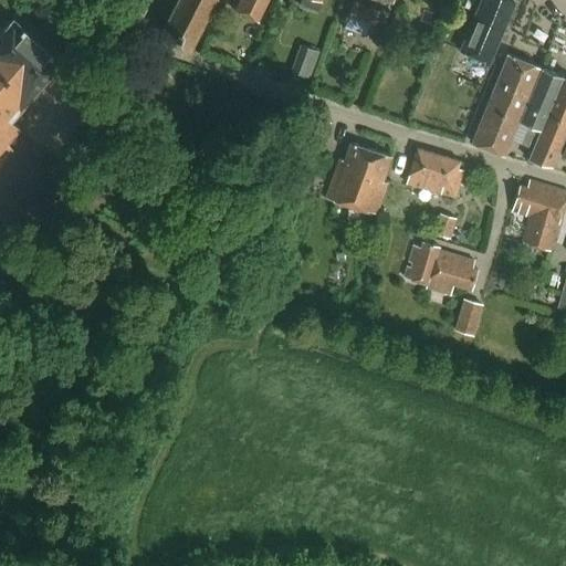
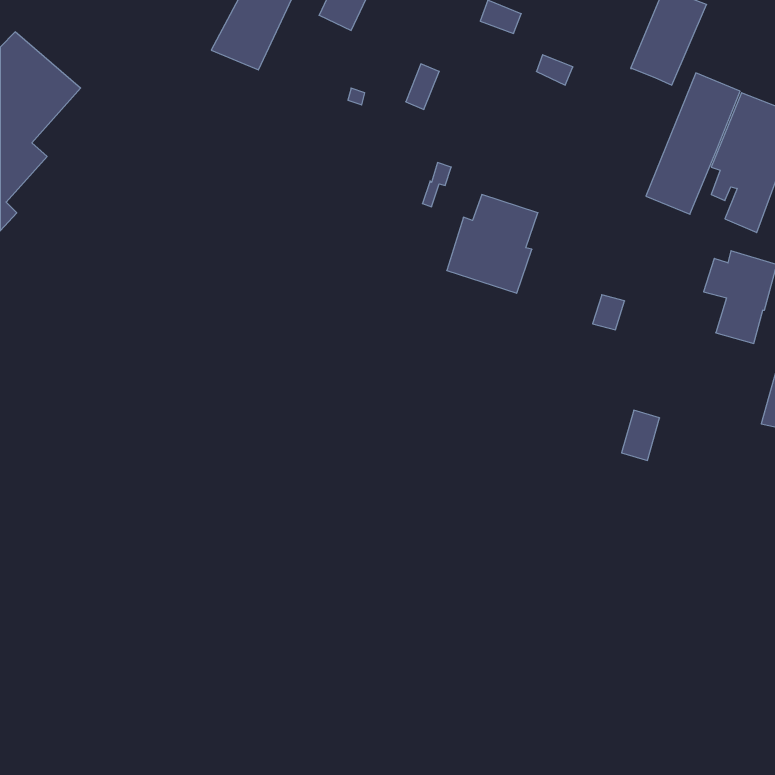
building: [406,148,463,196] -> none
building: [405,243,476,294] -> none

